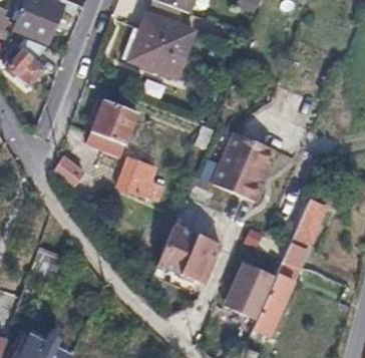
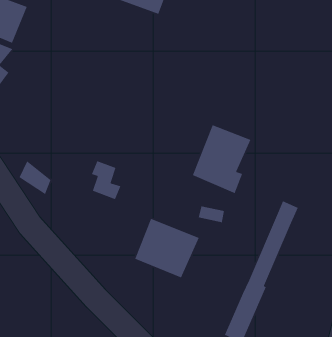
building: [128,15,194,80] -> none
building: [89,102,136,156] -> none
building: [225,260,276,317] -> none

